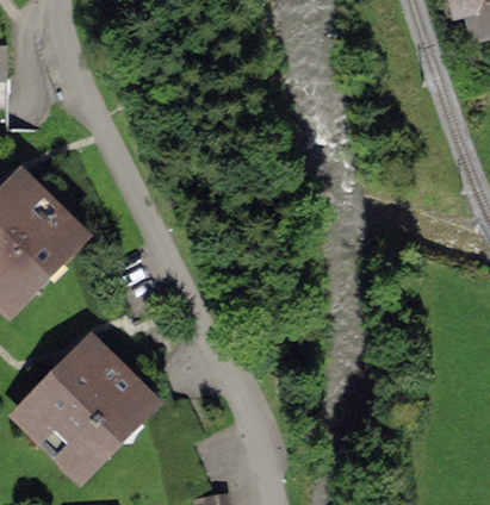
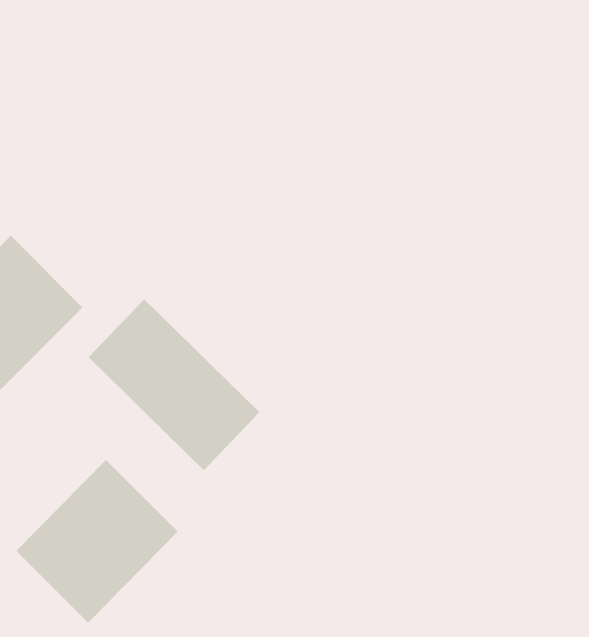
building: none -> [88,298,260,471]

